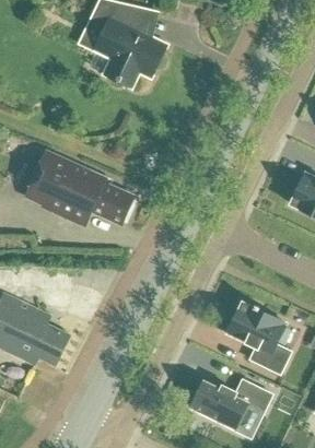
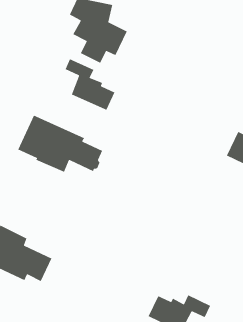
building: none -> [64,58,116,111]
building: [226,302,290,373] -> none

